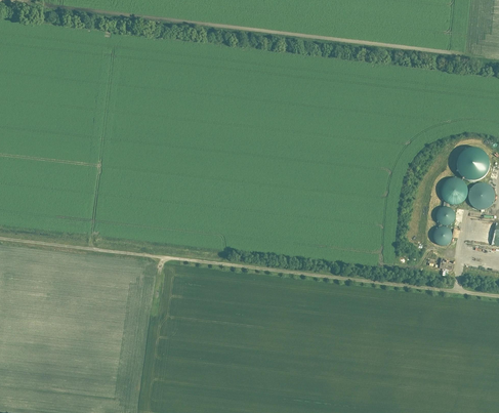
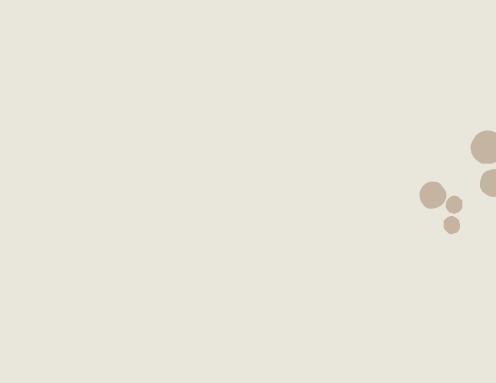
building: [440,177,467,204] -> [418,181,447,209]

